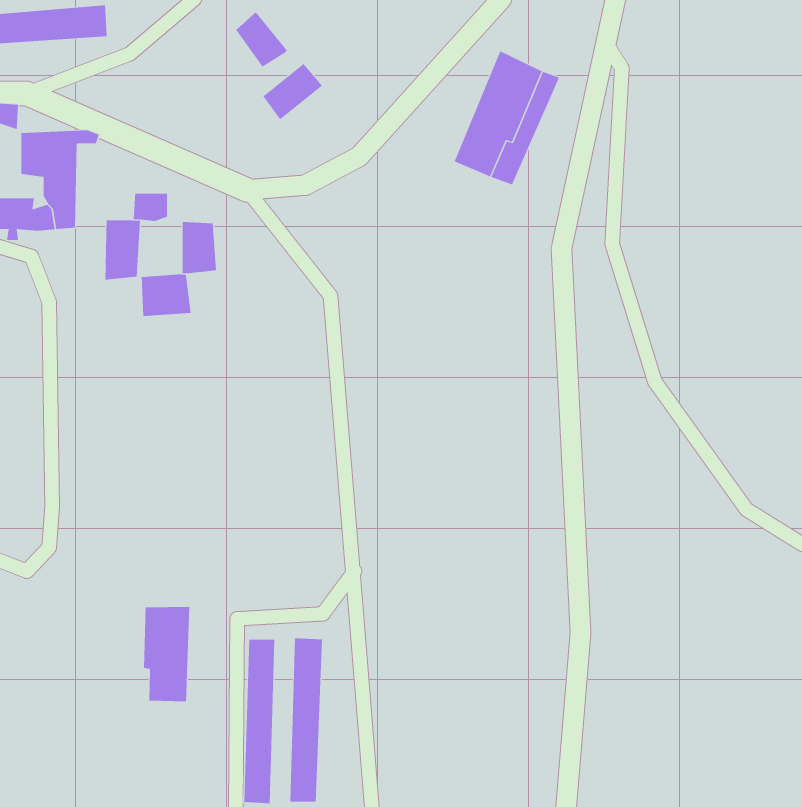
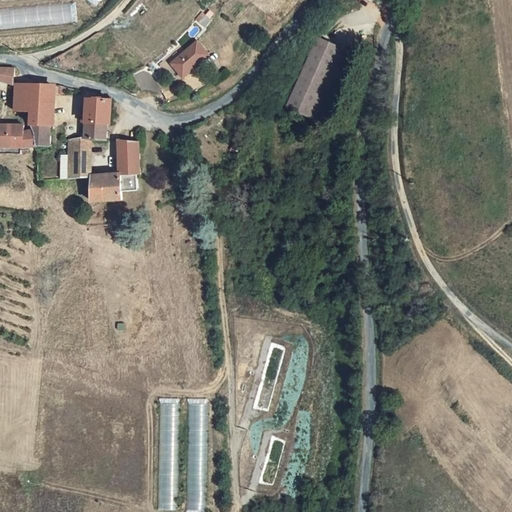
building: [236,11,288,67] -> none
building: none -> [85,96,109,122]
building: [143,606,190,702] -> none

